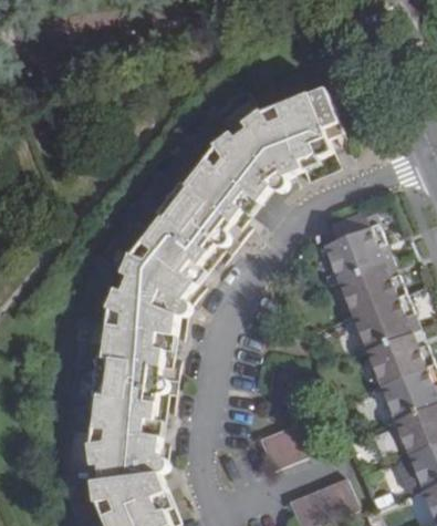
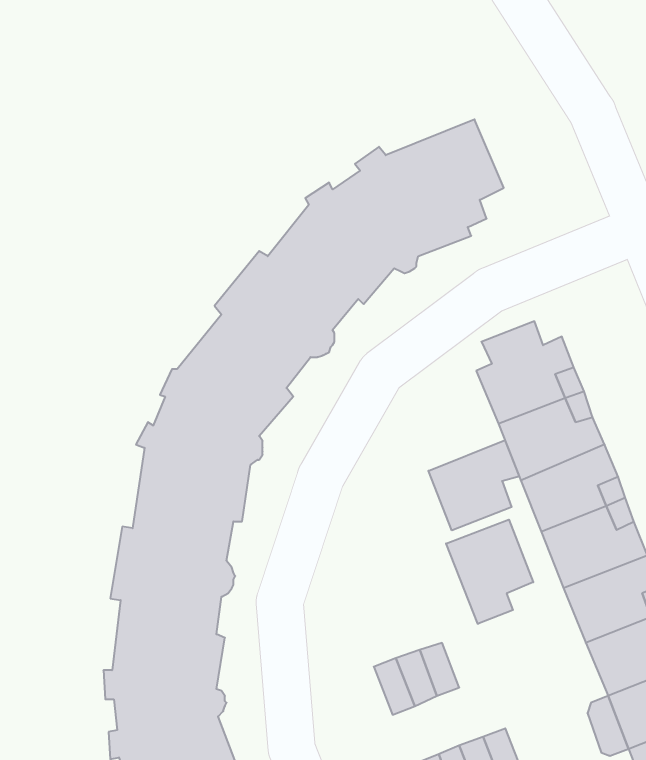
building: none -> [428,440,519,530]
building: none -> [446,520,533,624]

